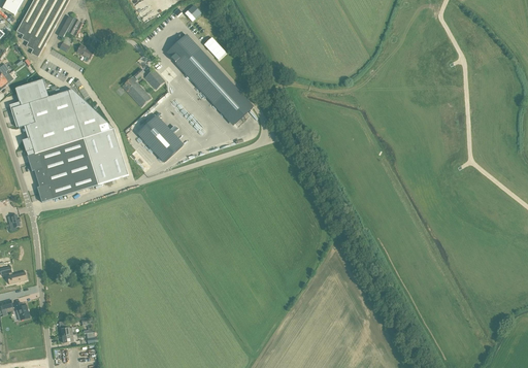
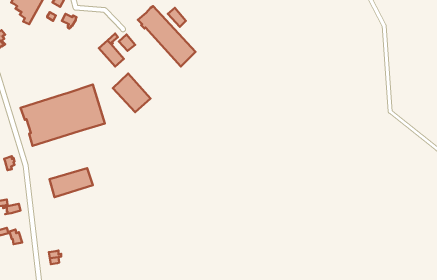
building: [9,78,112,155] -> none
building: [218,89,252,124] -> none
building: none -> [50,168,93,197]

